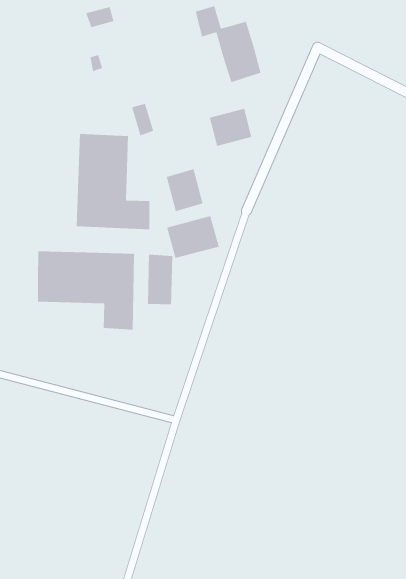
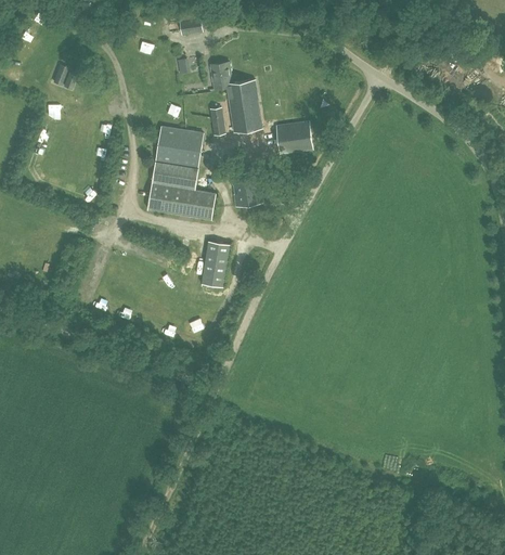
building: [195,5,261,83] -> [209,62,261,132]
building: [166,215,220,259] -> none
building: [37,250,135,330] -> none

